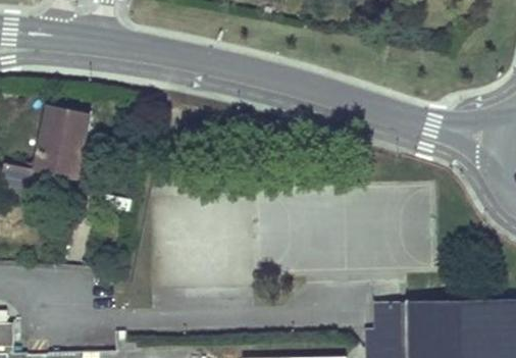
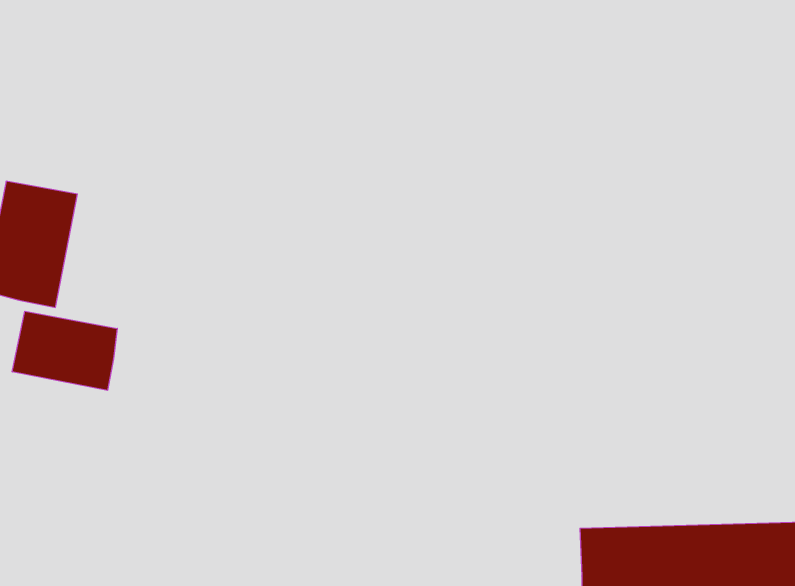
building: none -> [12,311,117,390]

